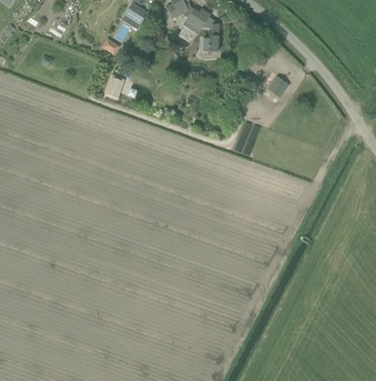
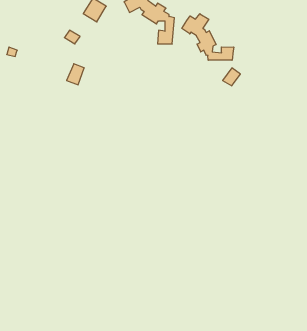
building: none -> [182,14,234,60]

